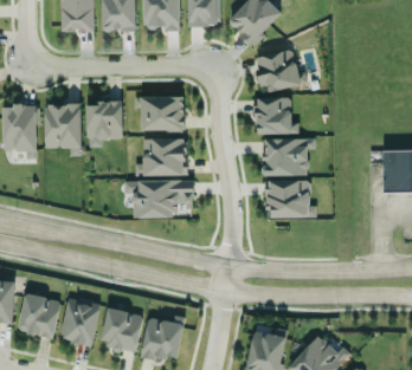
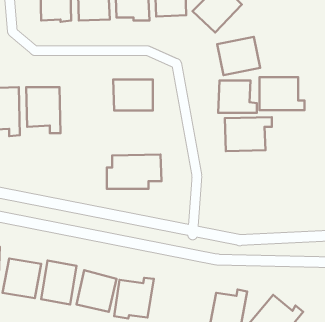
building: [86,103,122,148] -> none
building: [135,138,186,176] -> none
building: [266,181,316,218] -> [260,77,305,110]

